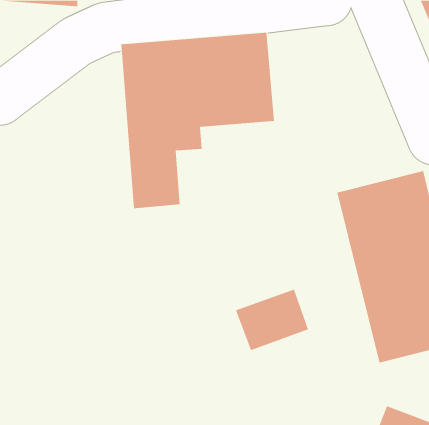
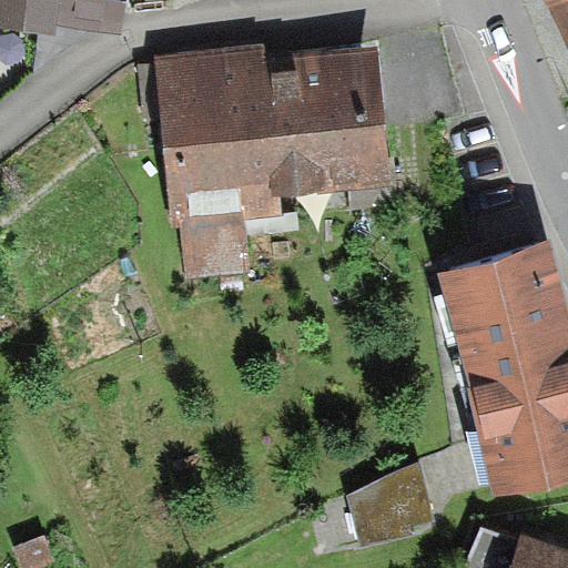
building: [235,289,309,351] -> [338,471,435,552]

